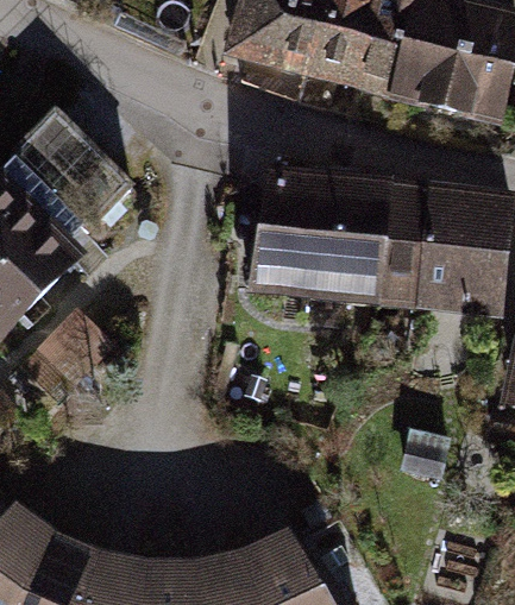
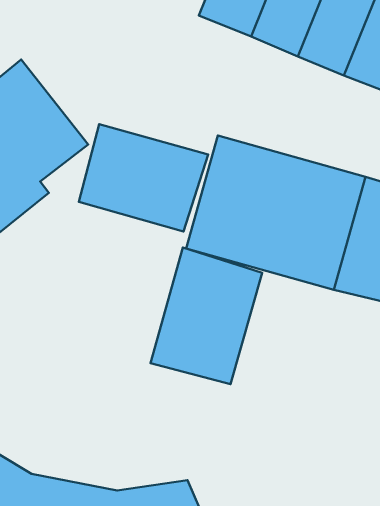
building: none -> [79,124,208,232]
building: none -> [150,247,262,384]

